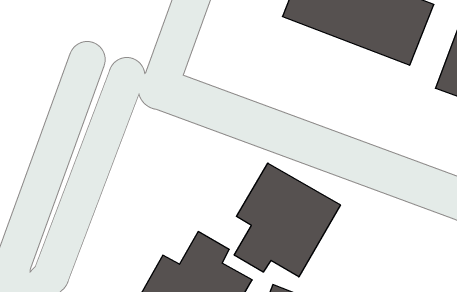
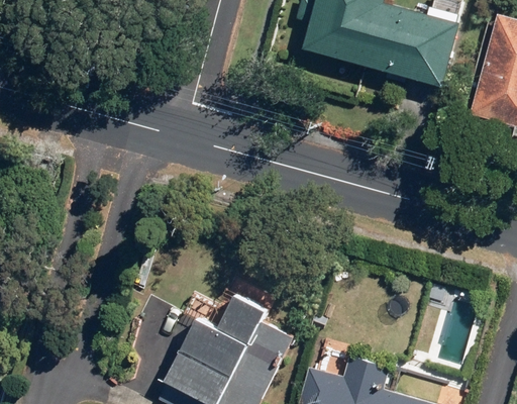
building: [234,163,340,277] -> none

